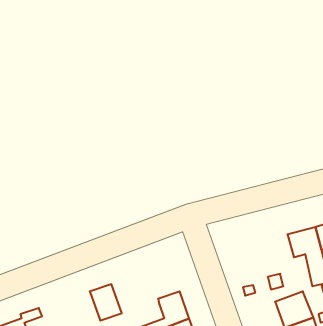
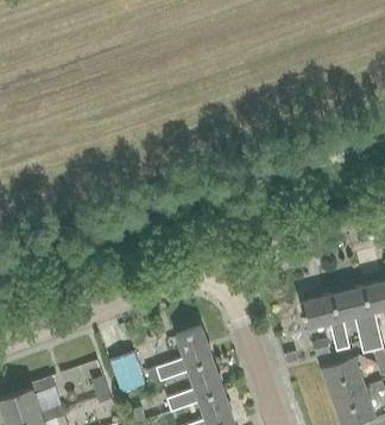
building: none -> [299,293,349,350]
building: none -> [147,328,212,382]

